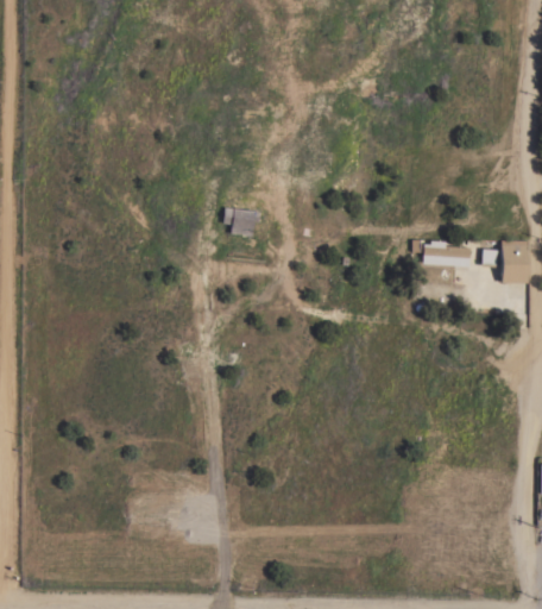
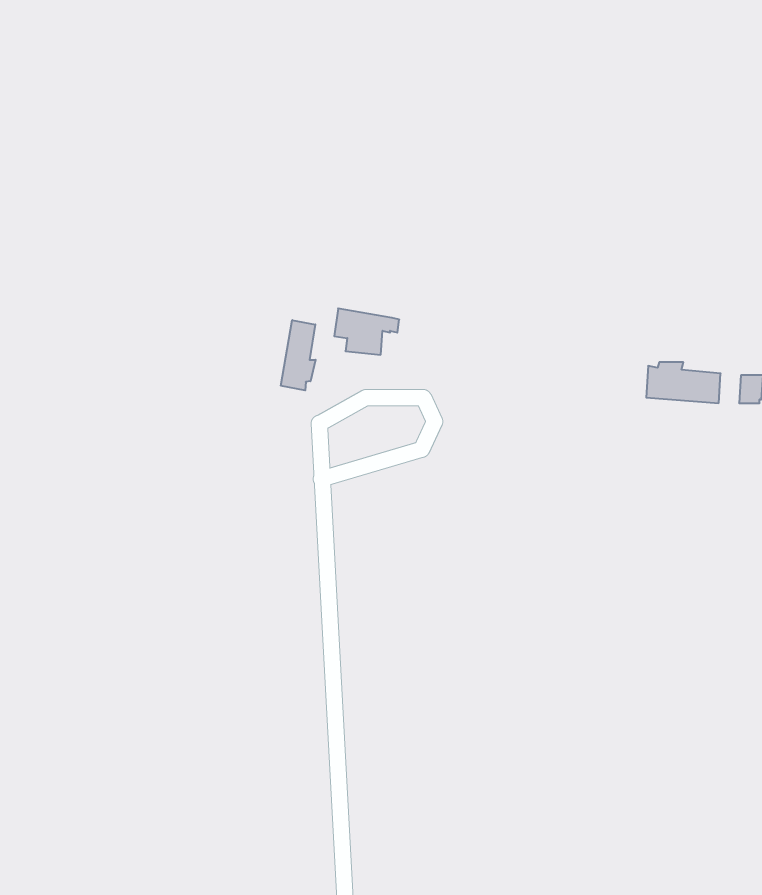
building: none -> [281,320,316,390]

